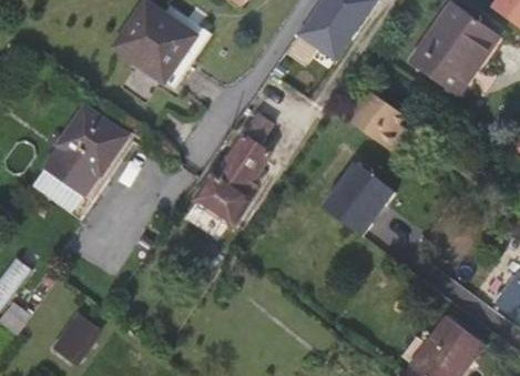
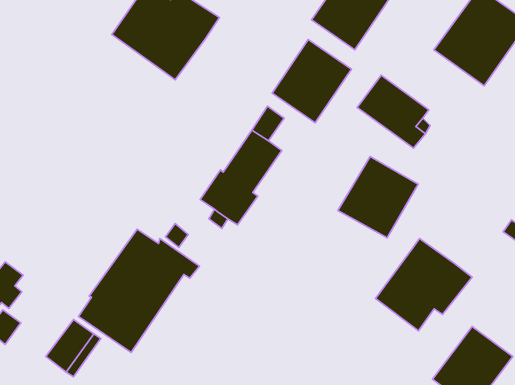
building: none -> [272,39,352,123]
building: [30,105,142,220] -> [78,229,199,352]
building: none -> [376,239,472,331]

